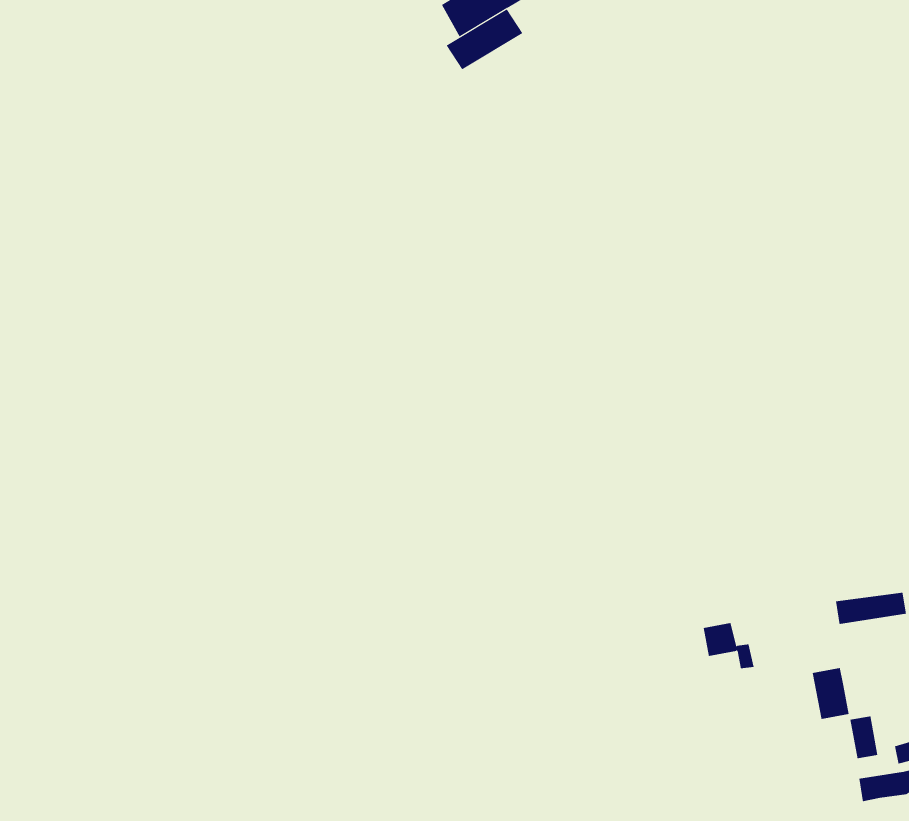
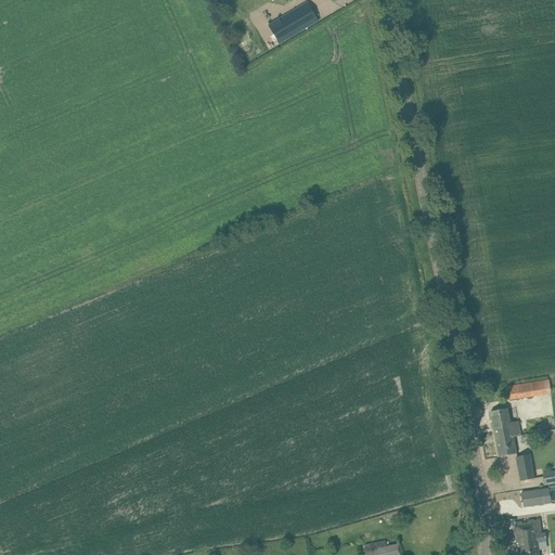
building: [446,8,523,70] -> none
building: [703,622,755,669] -> [490,408,521,436]

